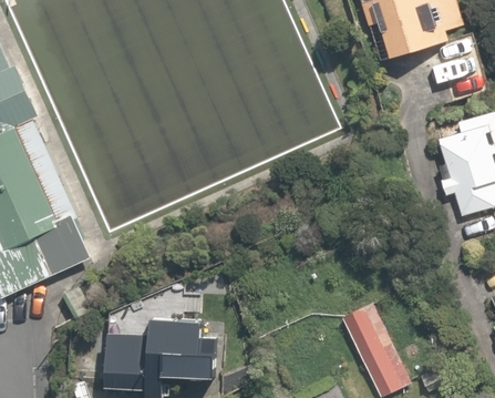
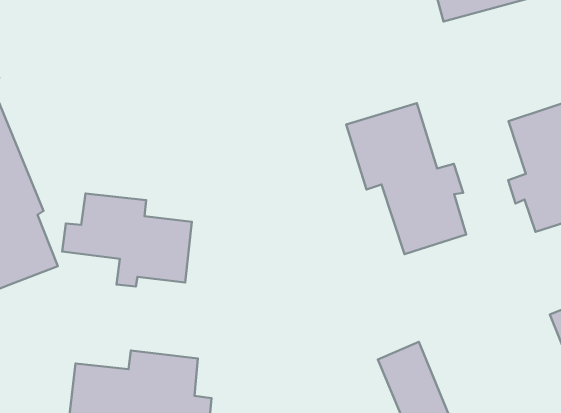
building: none -> [346,103,466,254]
building: none -> [62,193,192,286]

